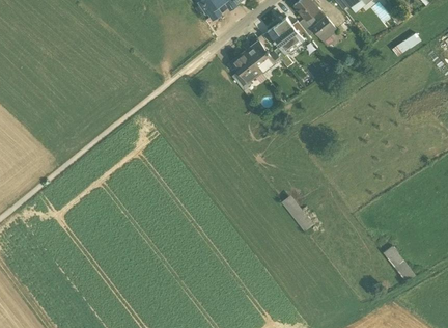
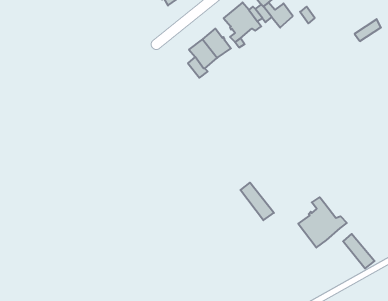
building: none -> [298,197,347,248]

